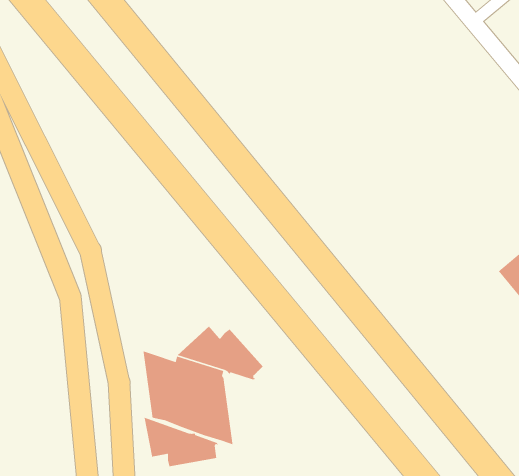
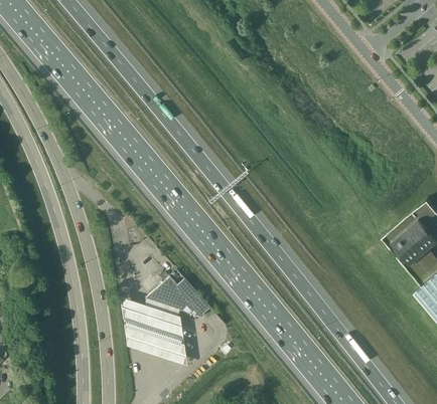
building: [144,417,218,467] -> none

